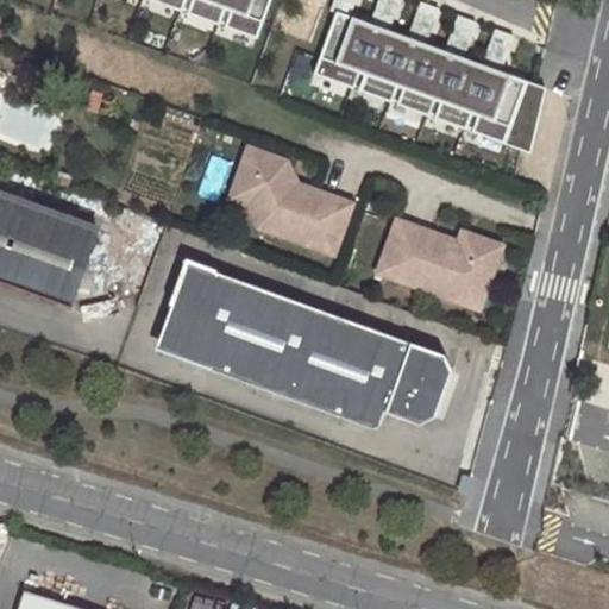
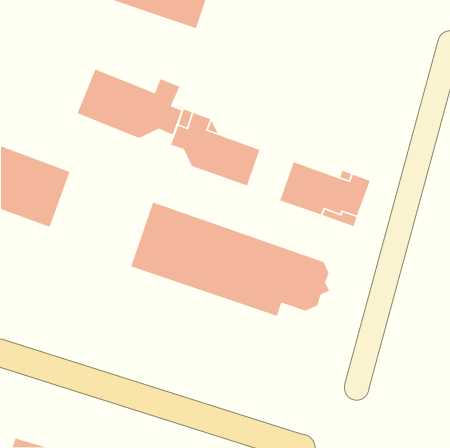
building: [324,10,552,147] -> none
building: none -> [77,68,183,139]
building: [147,262,206,360] -> none

